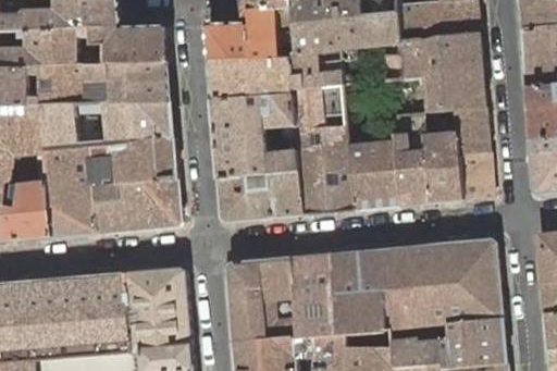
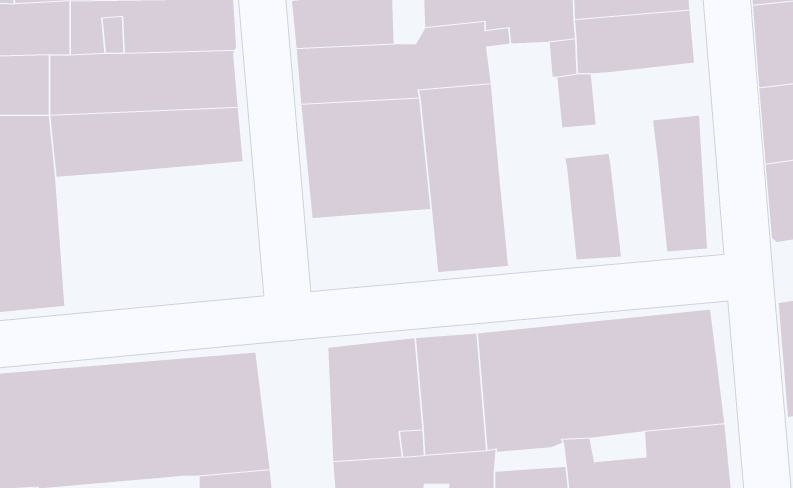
building: [425,69,485,110] -> none
building: [424,134,462,201] -> none
building: [45,136,176,235] -> none
building: [348,139,400,208] -> none
building: [220,169,306,220] -> none

